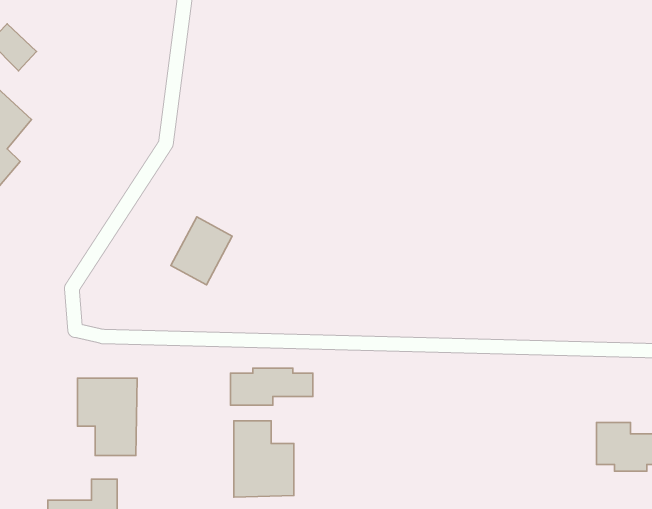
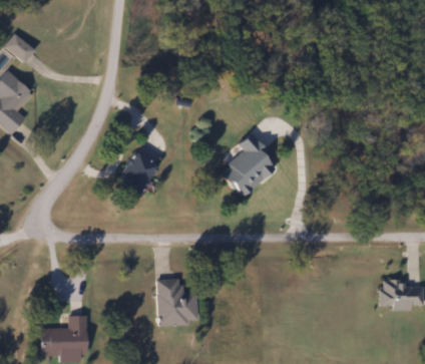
building: none -> [220,135,277,198]
building: [231,368,313,405] -> none
building: [78,378,137,456] -> none

